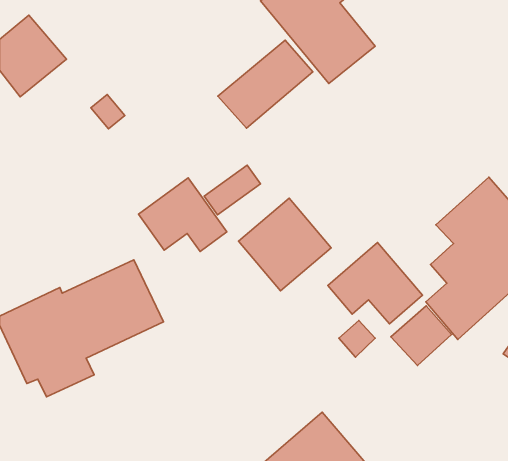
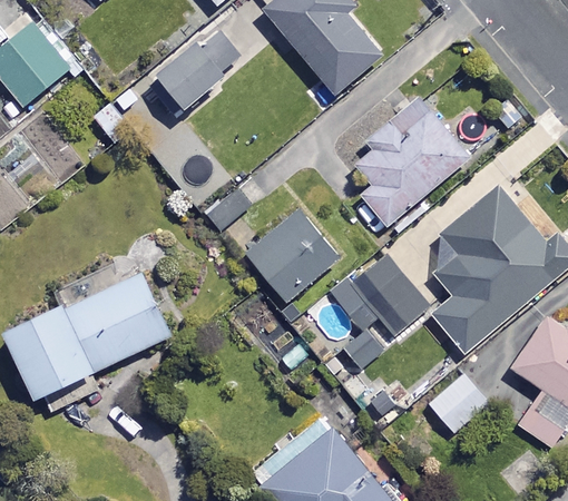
building: [218,40,313,128] -> [146,24,242,114]
building: none -> [349,99,469,227]
building: [138,178,227,252] -> none
building: [391,306,452,366] -> [429,374,490,434]

